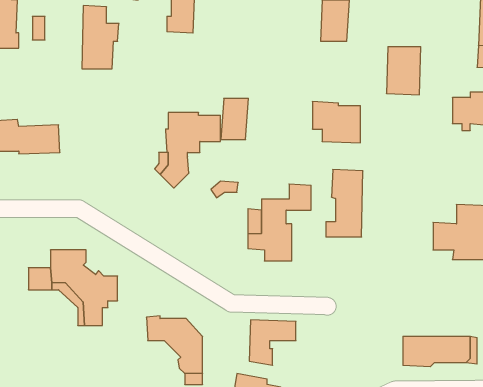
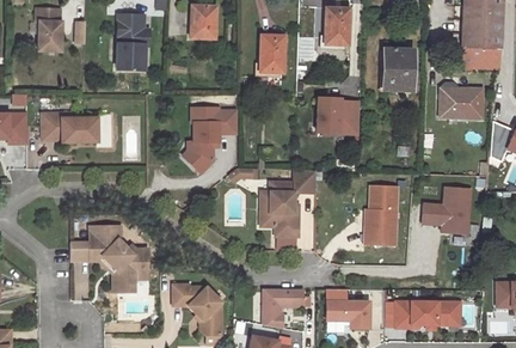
building: [221,98,248,140] -> [259,36,283,72]
building: [326,170,363,237] -> [366,185,398,244]
building: none -> [327,300,371,328]

